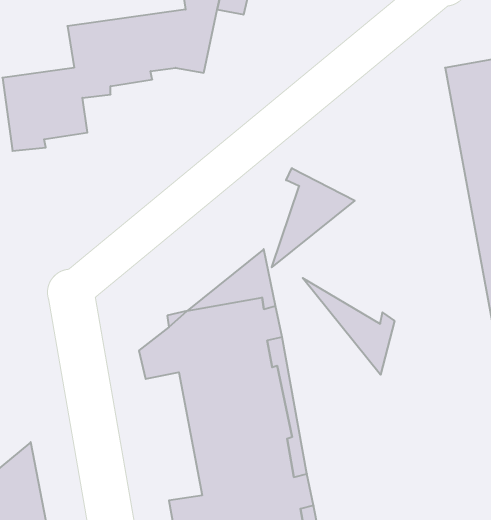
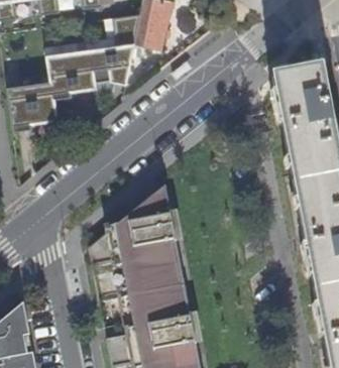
building: [272,168,355,267] -> none
building: [303,278,394,375] -> none

